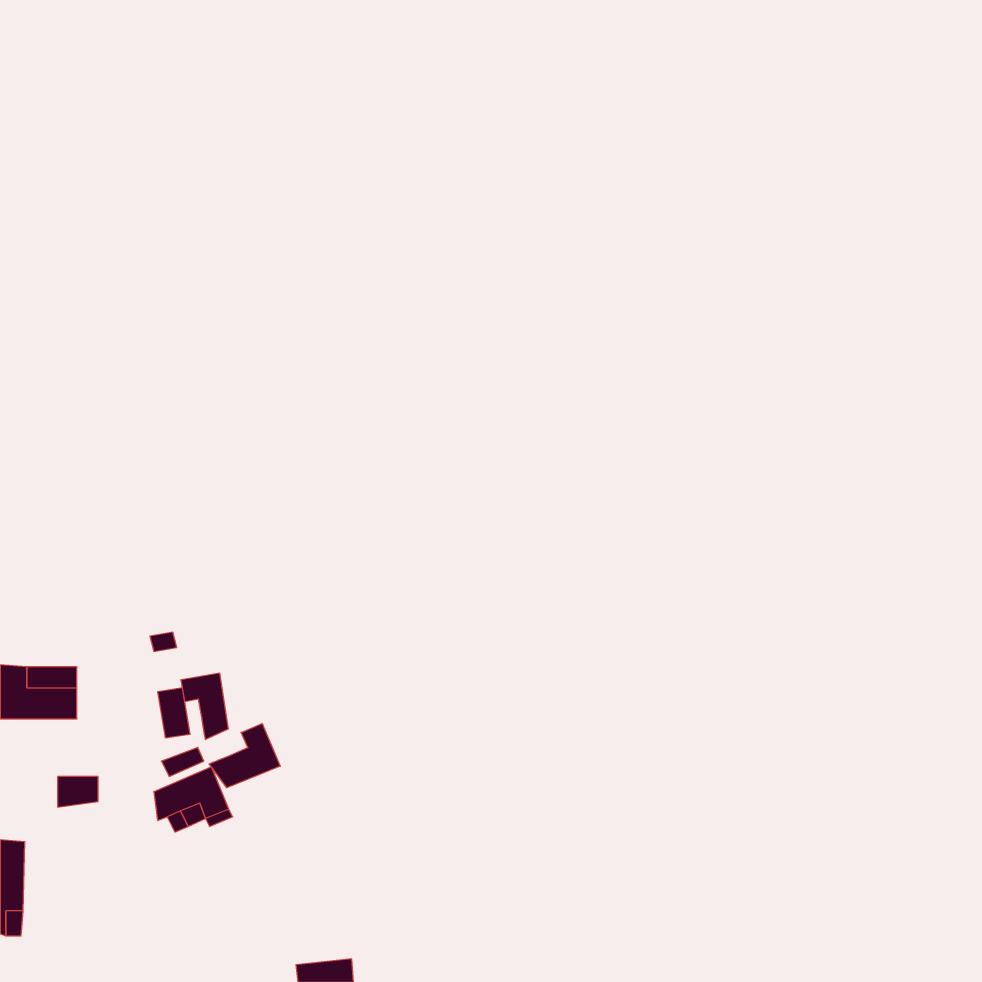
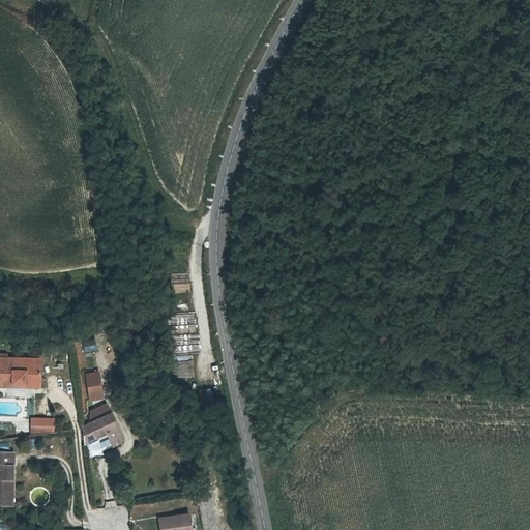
building: [181,673,228,740] -> none
building: [209,724,280,788] -> none

